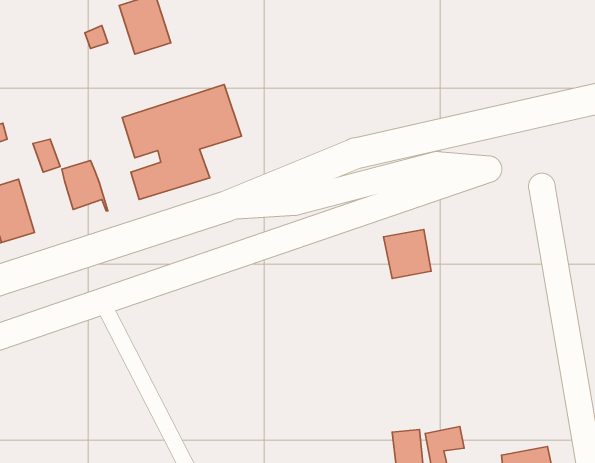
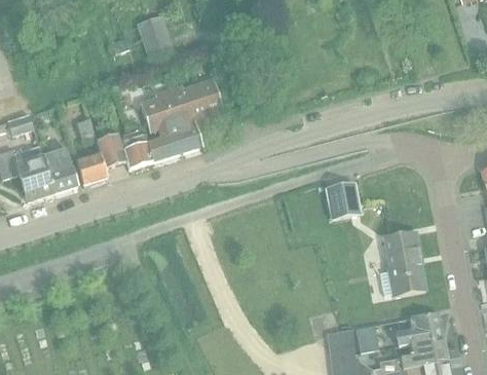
building: none -> [118,133,150,170]
building: none -> [74,148,105,183]
building: none -> [379,231,424,296]
building: none -> [396,312,442,345]

